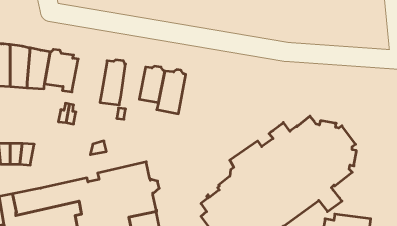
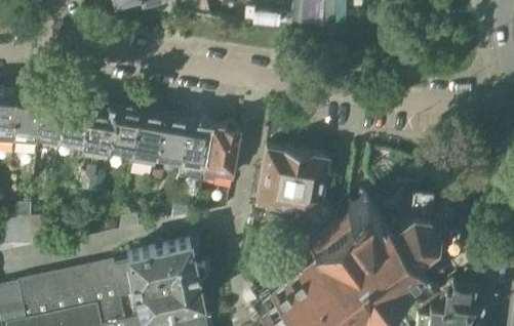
building: none -> [94,107,140,154]
building: none -> [157,115,189,161]
building: none -> [256,147,330,234]
building: none -> [431,282,483,314]

